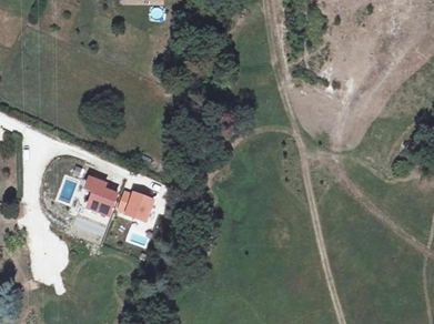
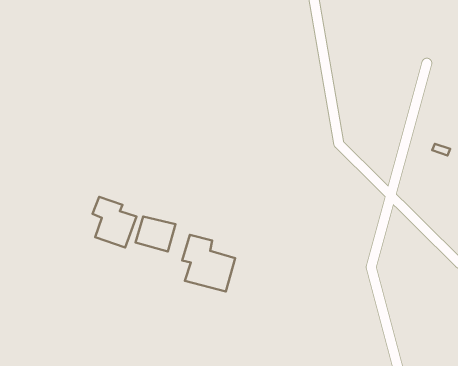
building: none -> [182,235,235,291]

